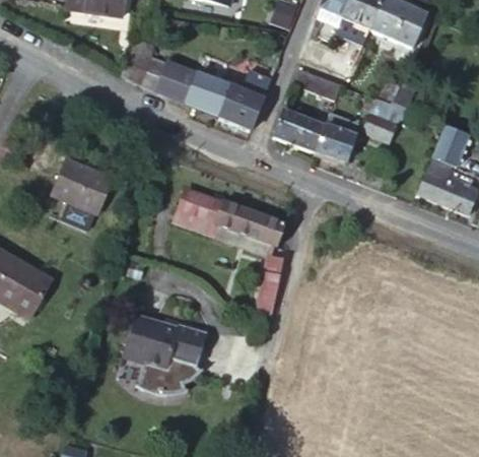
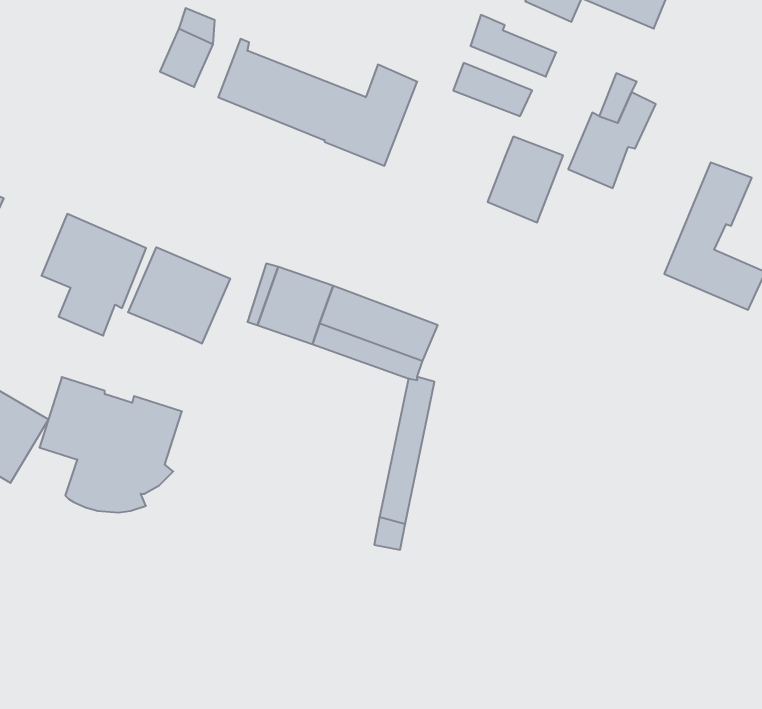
building: [274,109,325,150] -> none
building: none -> [128,247,230,344]
building: [127,319,211,399] -> [39,377,182,513]

